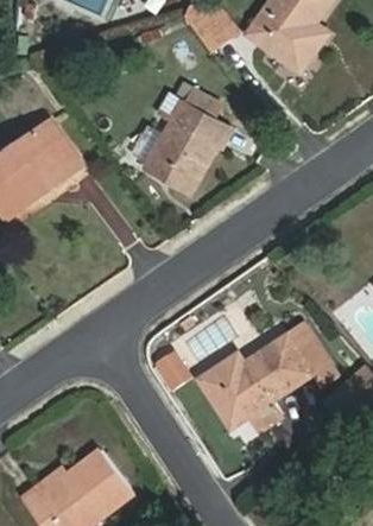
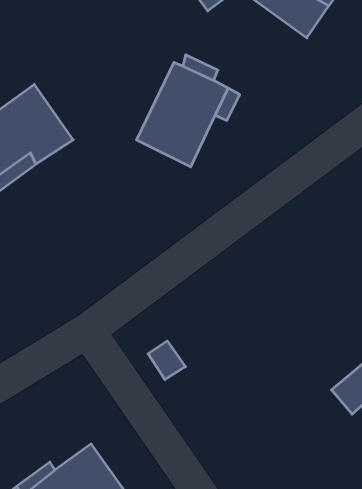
building: [198,319,340,426] -> none

